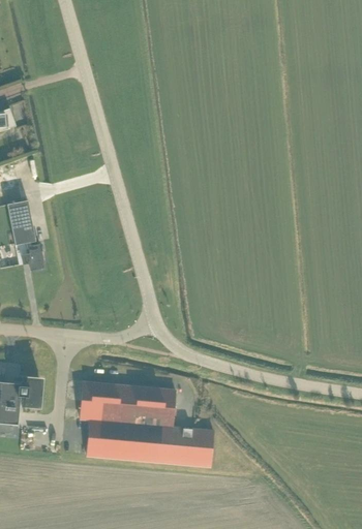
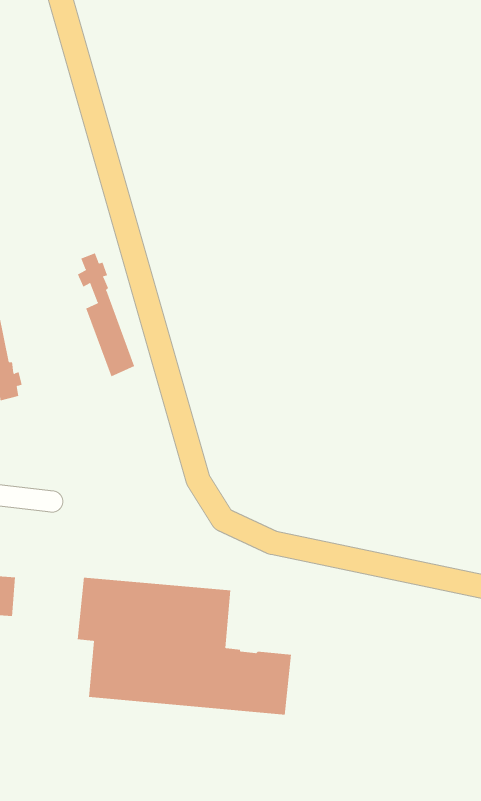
building: none -> [77,253,135,377]

